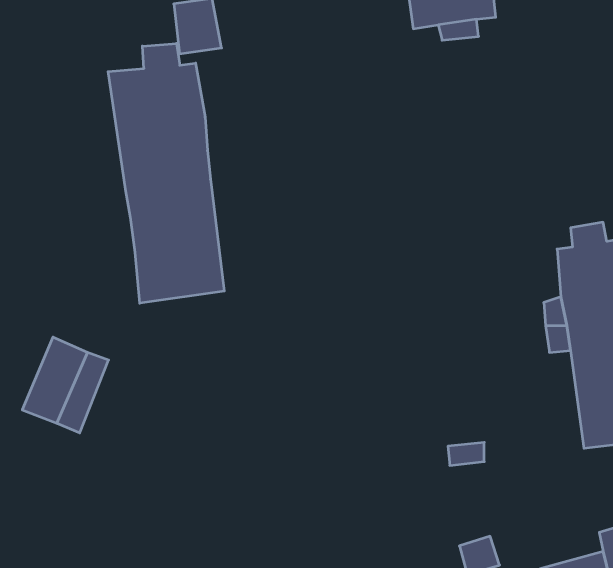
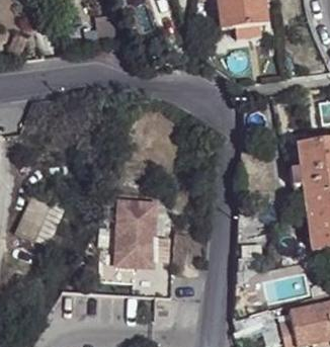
building: [108,43,224,303] -> none
building: none -> [114,207,154,272]

